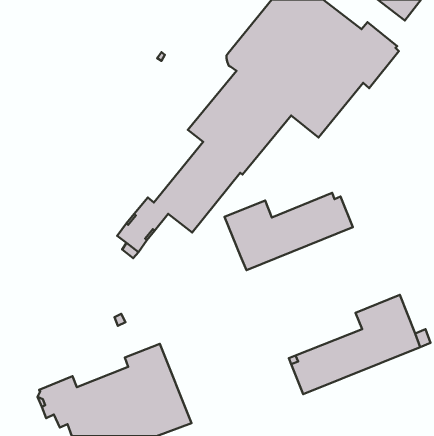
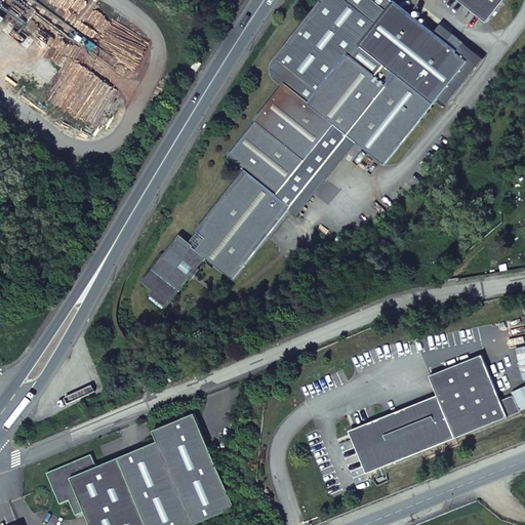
building: [225,193,353,270] -> none

